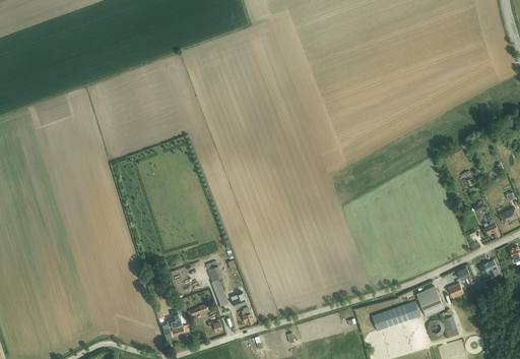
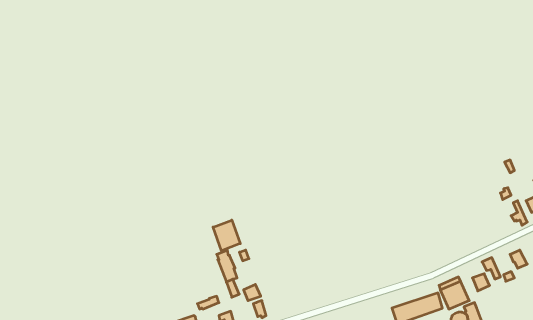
building: none -> [213,220,240,251]

